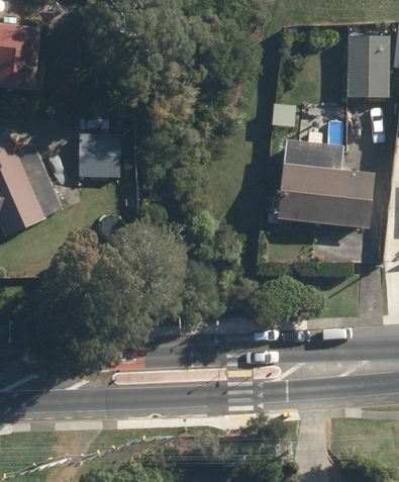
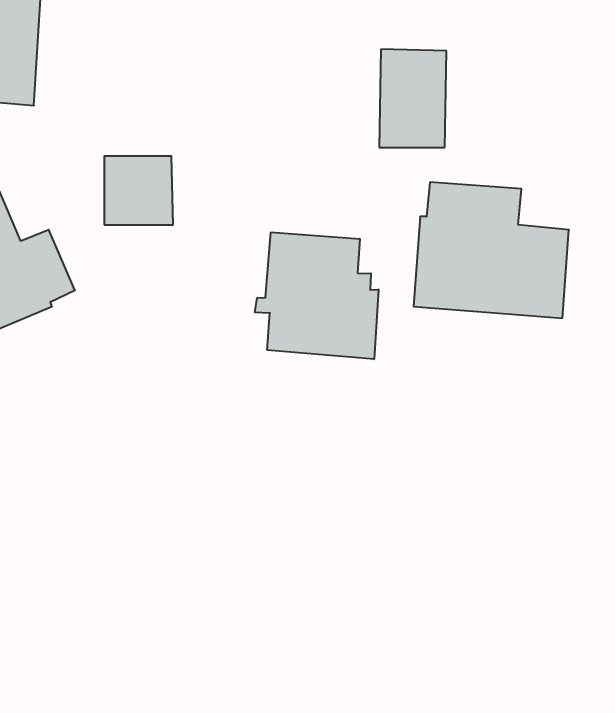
building: [348,34,390,95] -> [379,49,446,147]
building: none -> [255,232,378,359]

